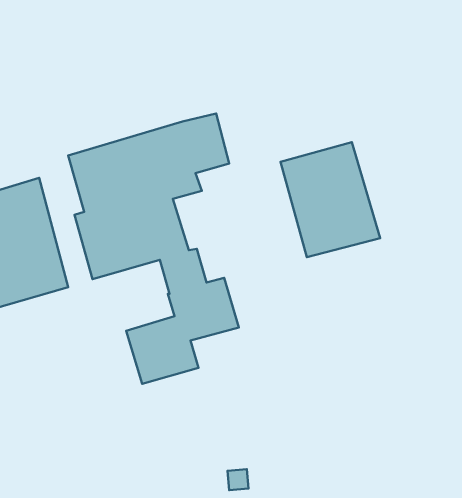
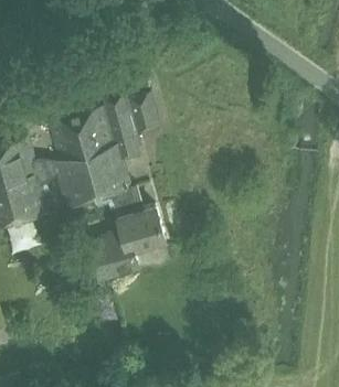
building: [281,142,380,257] -> none

